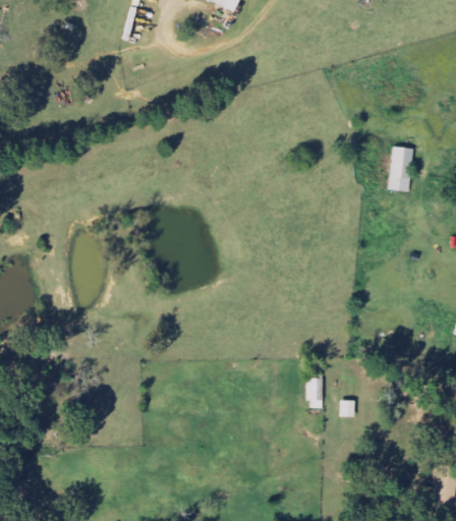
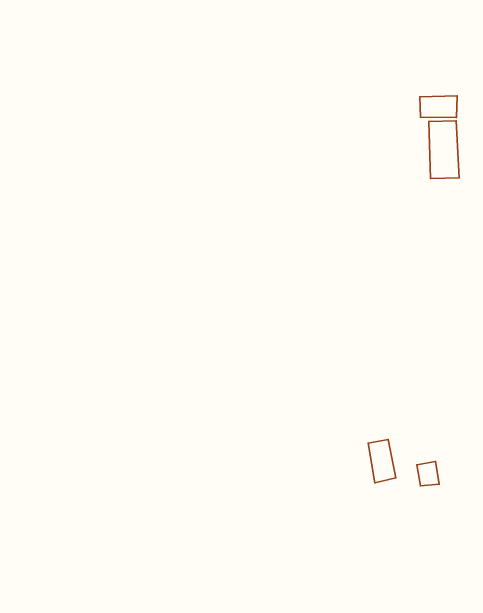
building: none -> [420,96,457,118]

